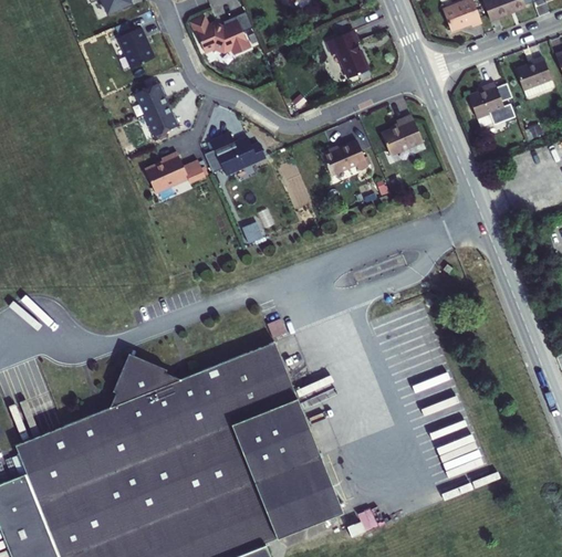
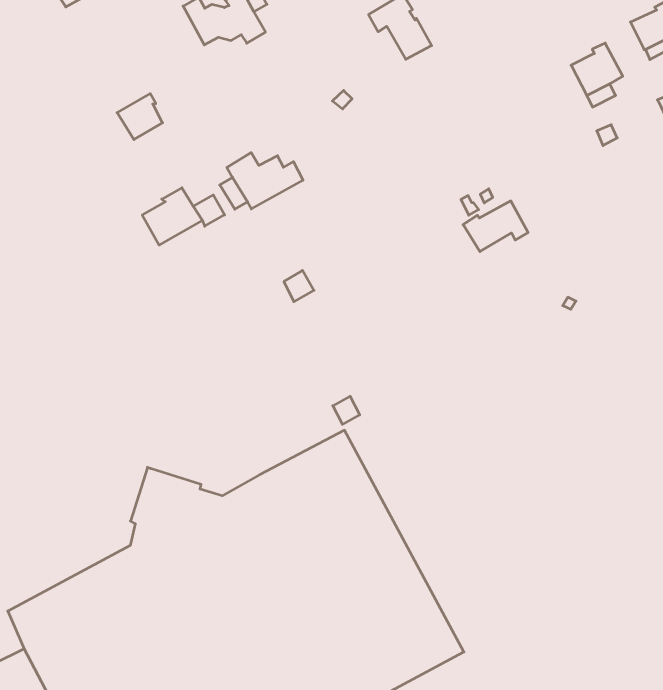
building: [118,25,154,66] -> none
building: [145,104,179,136] -> none
building: [382,115,423,155] -> none
building: [321,140,367,175] -> [463,201,528,252]

